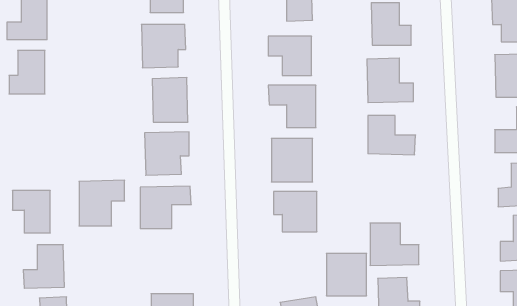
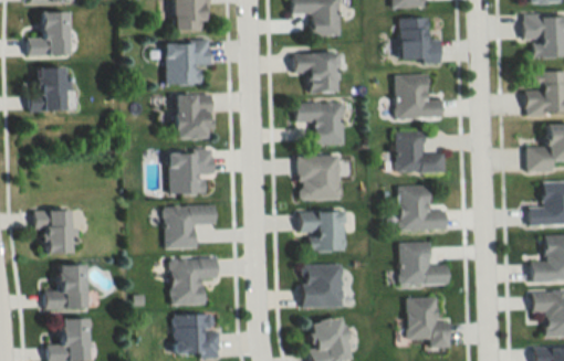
building: none -> [398,187,446,231]
building: [79,180,125,226] -> [170,258,217,305]
building: [326,253,367,296] -> [302,265,343,308]

